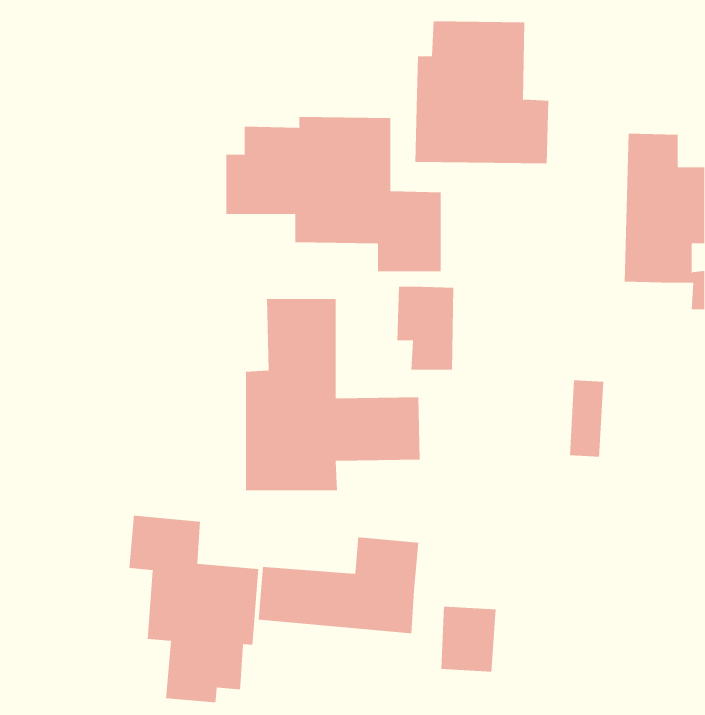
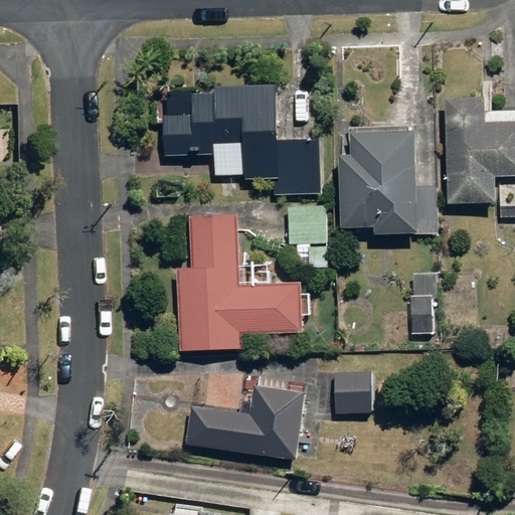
building: [414,21,549,164] -> [340,129,437,231]
building: [129,515,259,703] -> none
building: [440,606,496,672] -> [328,368,368,415]

